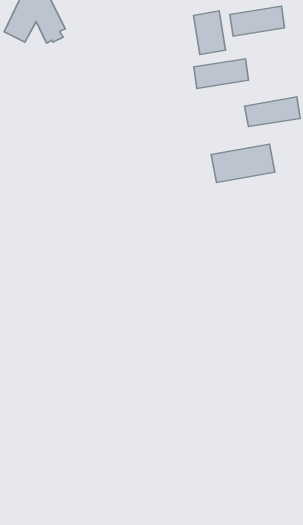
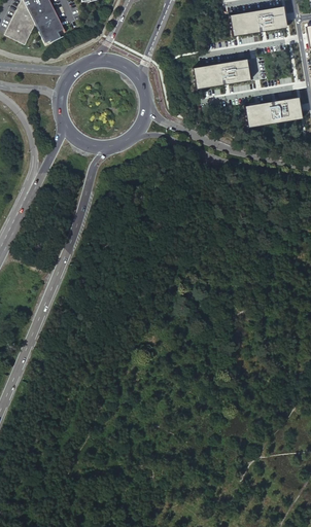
building: [193,11,226,55] -> none
building: [211,144,275,182] -> none

